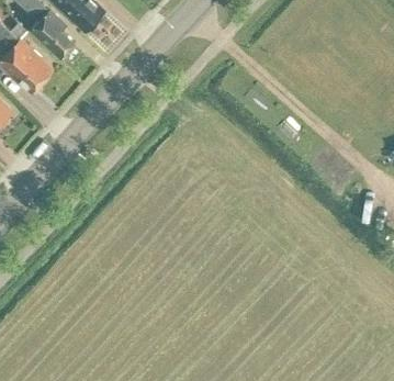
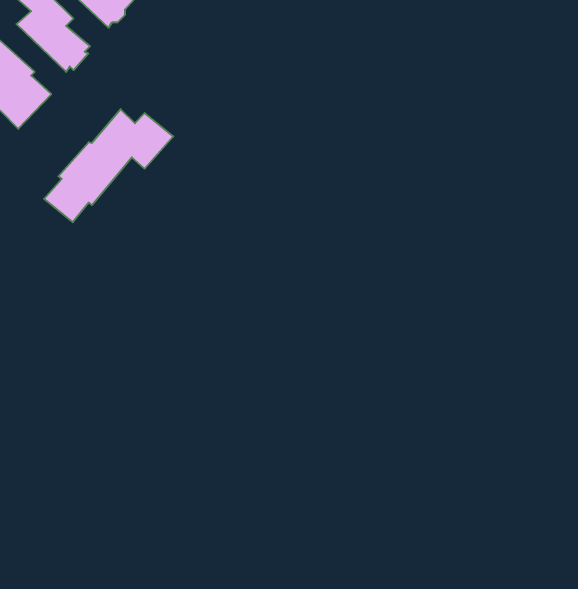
building: none -> [44,109,173,222]

